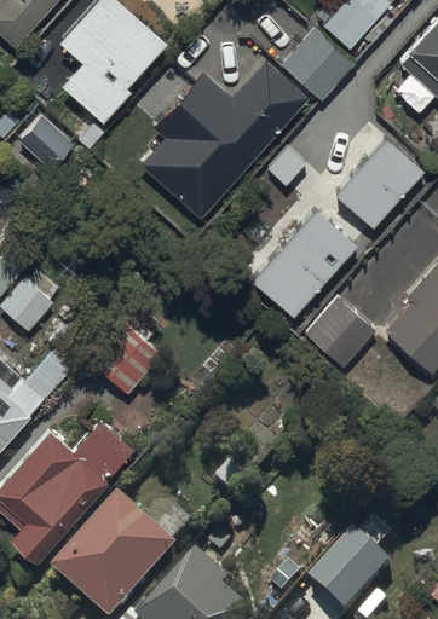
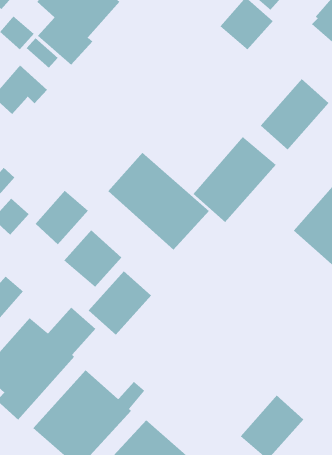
building: [140,57,304,213] -> none
building: none -> [108,152,210,251]
building: none -> [35,190,89,245]
building: [307,297,378,366] -> none
building: none -> [88,271,152,336]

